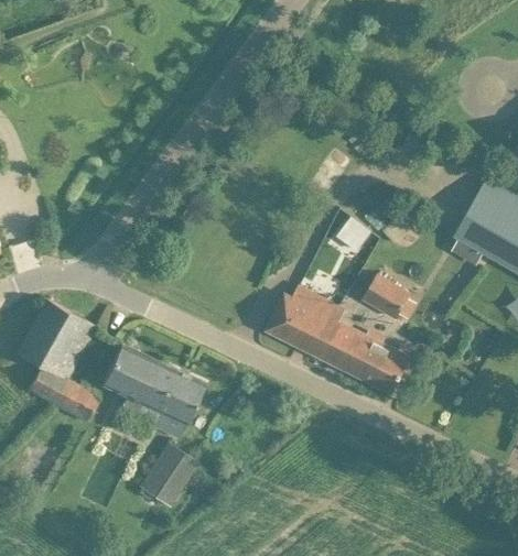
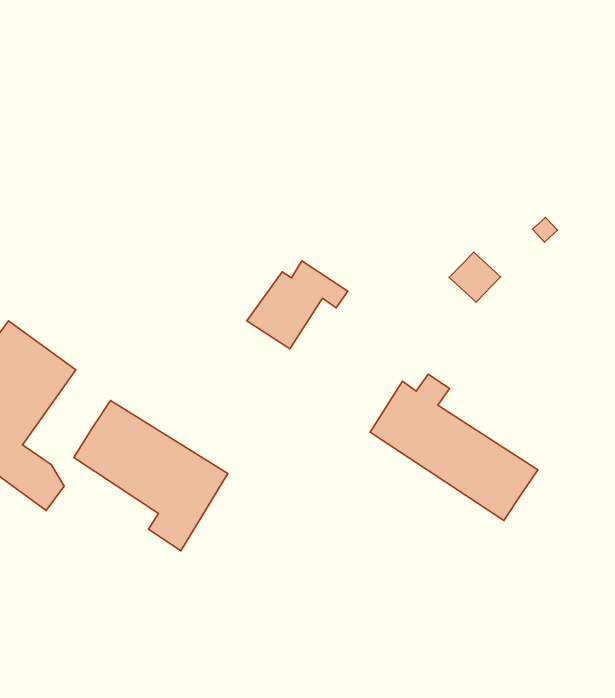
building: [361,273,411,318] -> none
building: [266,286,331,346] -> [247,261,348,349]
building: [140,444,198,508] -> none

